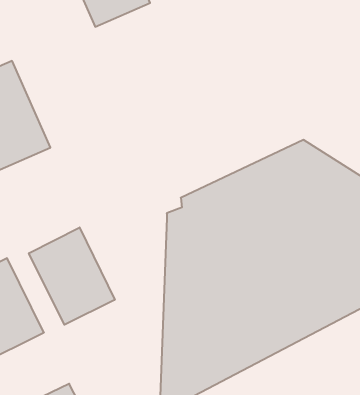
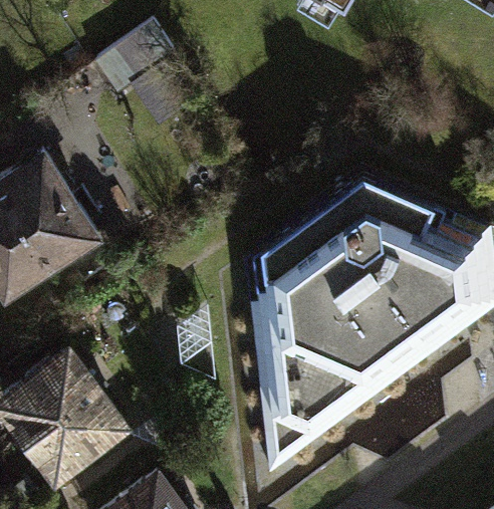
building: [29,227,115,325] -> none

